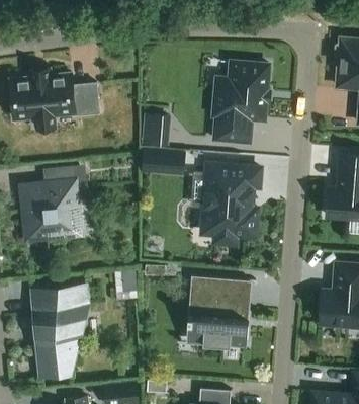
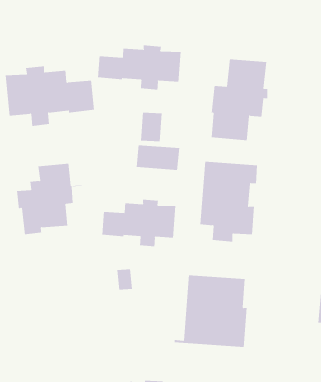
building: none -> [97,45,181,90]
building: none -> [102,199,176,247]
building: [30,285,89,378] -> none

